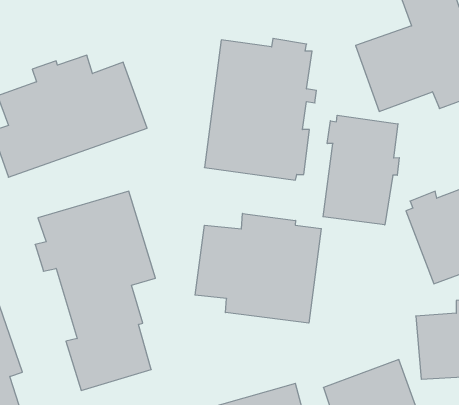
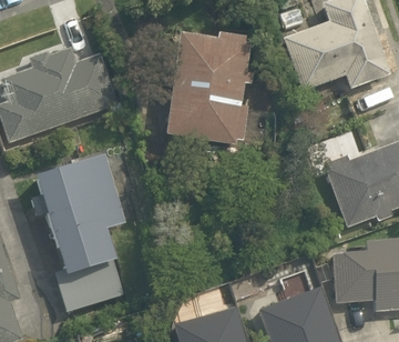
building: [323,115,399,225] -> none
building: [195,213,321,323] -> none

